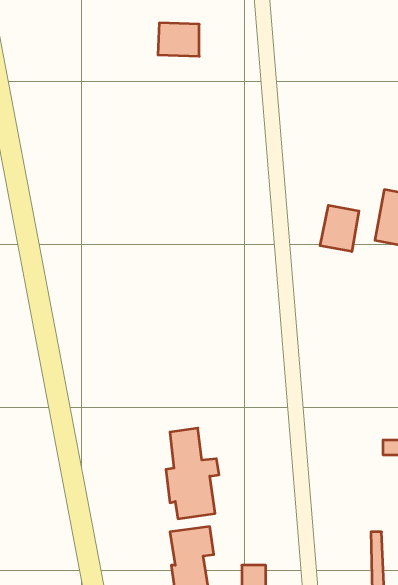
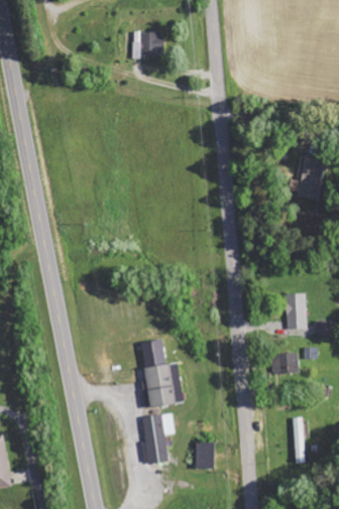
building: [320,205,359,252] -> none
building: none -> [287,292,307,329]
building: none -> [271,351,300,375]

